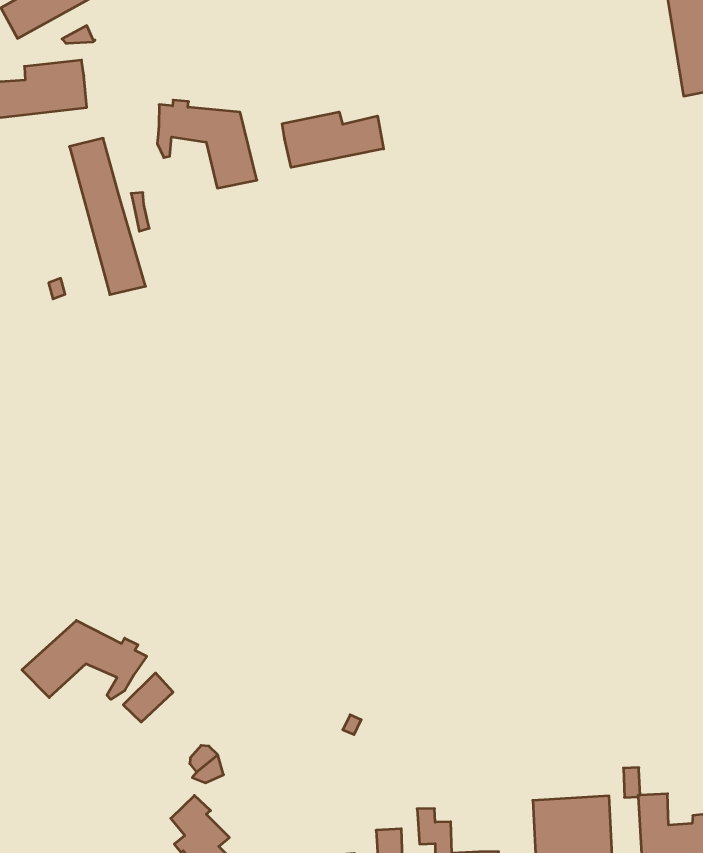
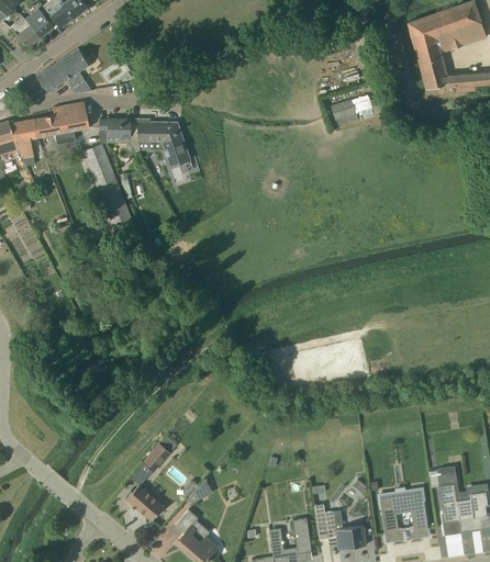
building: none -> [100,119,132,140]
building: none -> [331,99,358,125]
building: [282,112,384,167] -> none
building: [22,620,147,699] -> none
building: none -> [126,484,164,520]

